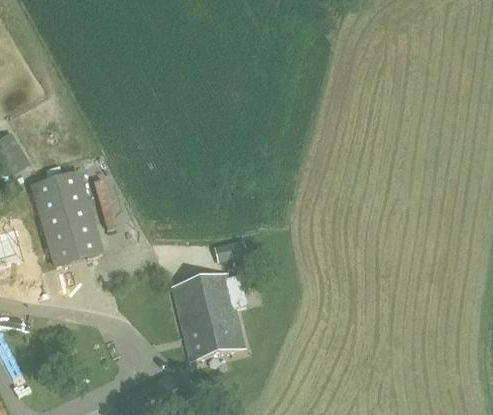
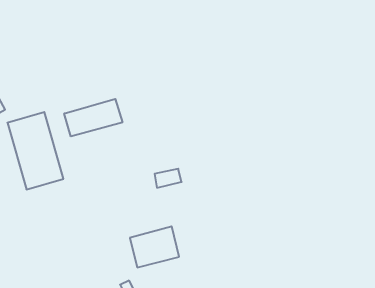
building: none -> [64,99,122,136]
building: [172,273,246,324] -> none

